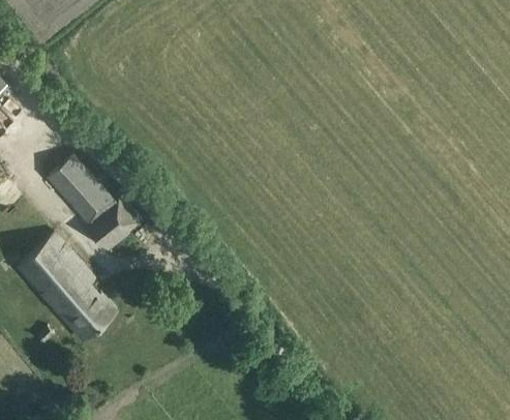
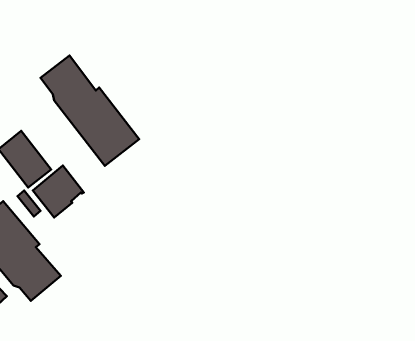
building: none -> [41,55,139,166]

